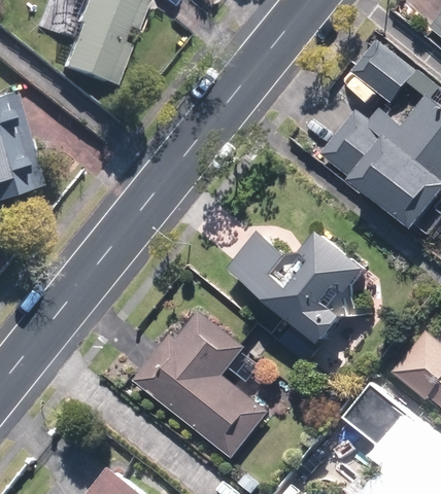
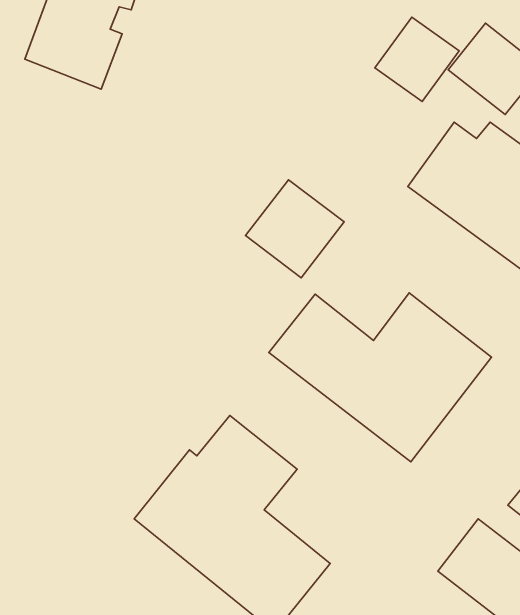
building: none -> [375,17,459,102]
building: none -> [245,180,344,278]

